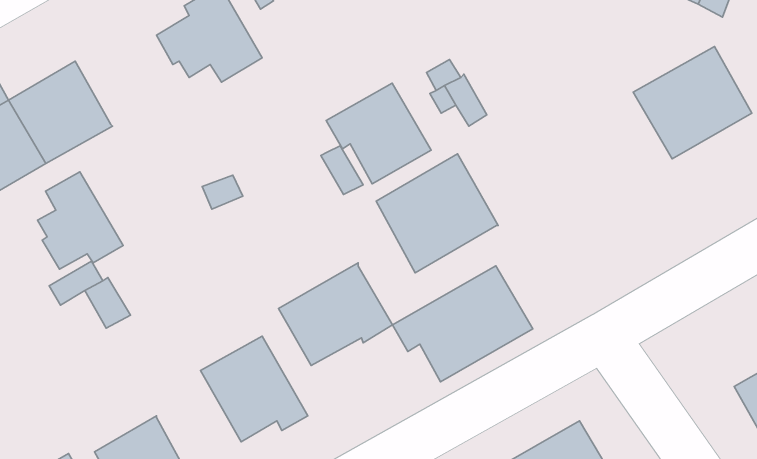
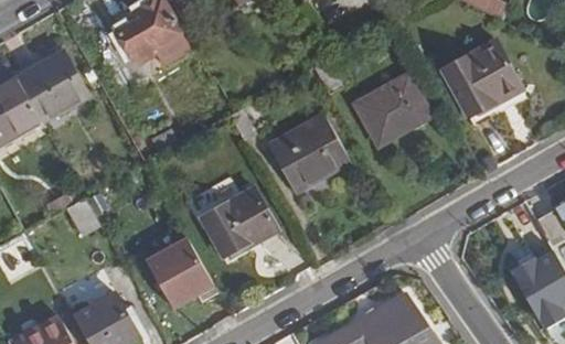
building: [326,83,431,184] -> none
building: none -> [355,75,429,144]
building: [38,172,123,269] -> none
building: [392,266,533,382] -> none

